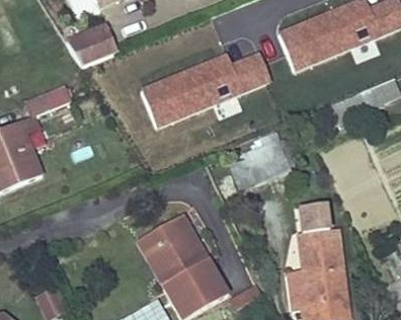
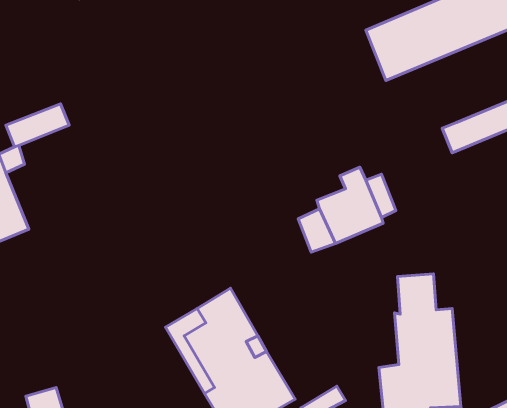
building: [66,25,117,66] -> none
building: [143,56,269,127] -> none

